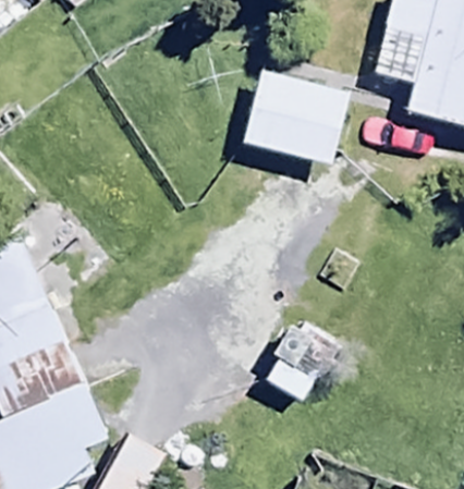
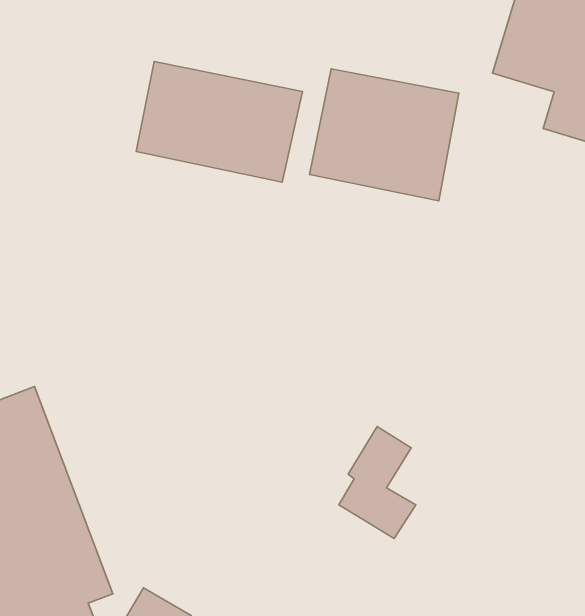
building: none -> [136,62,303,182]

